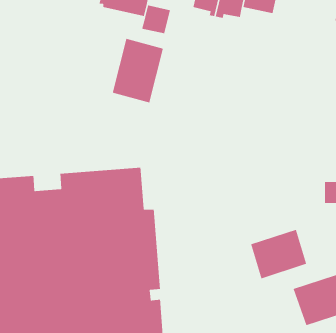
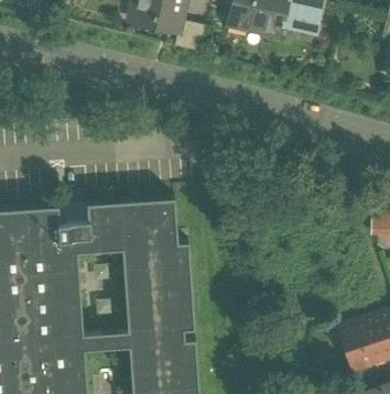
building: [112,38,164,103] -> none
building: [250,229,307,279] -> none

